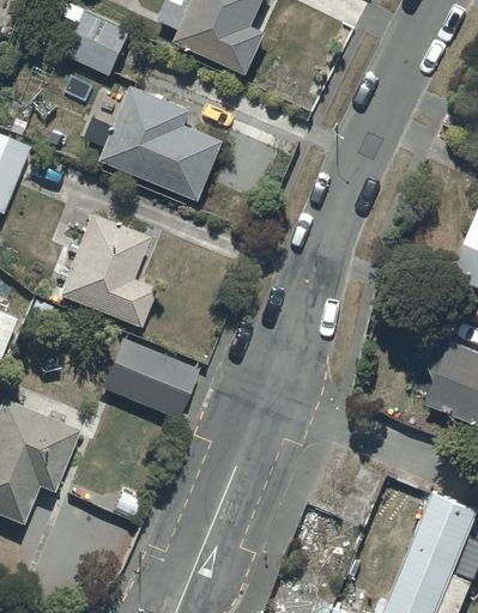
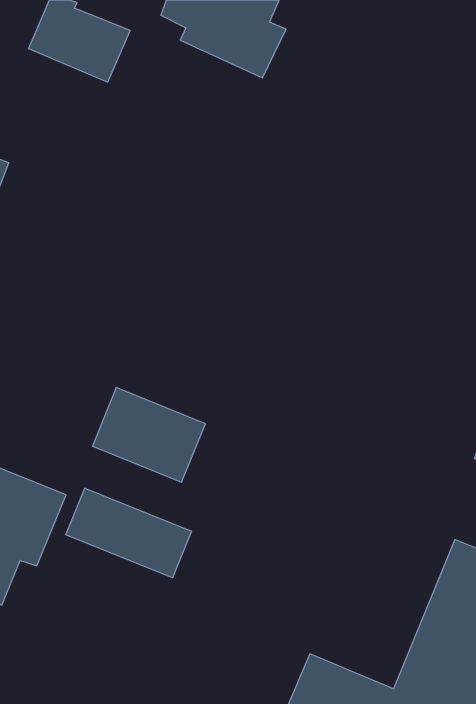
building: [103,85,225,201] -> none
building: [58,218,155,330] -> none
building: none -> [66,488,191,578]

